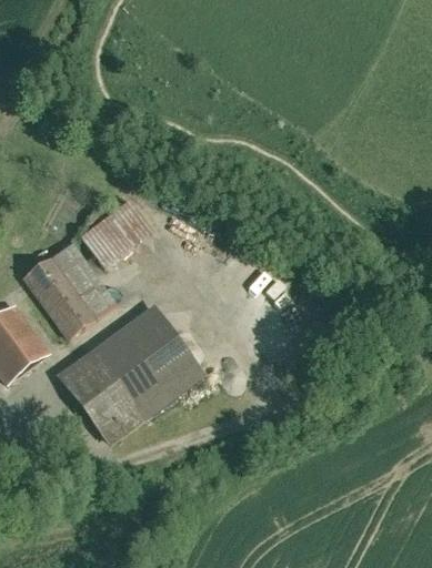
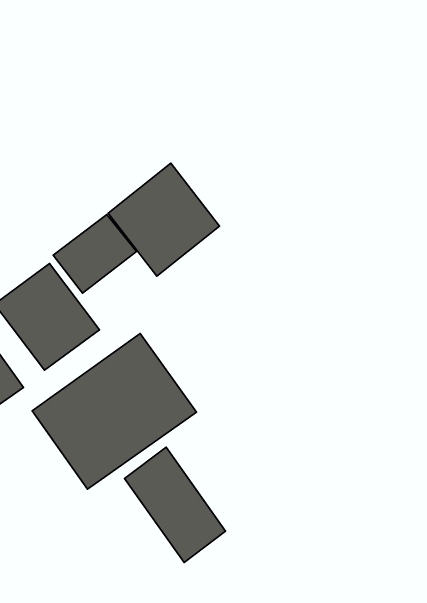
building: none -> [108,163,220,276]
building: none -> [125,447,226,562]

